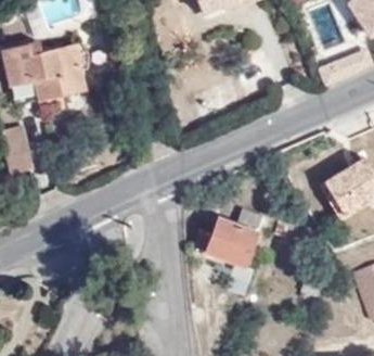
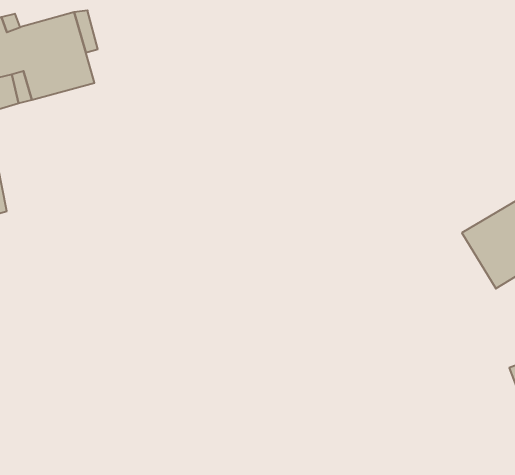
building: [192,206,262,266] -> none

